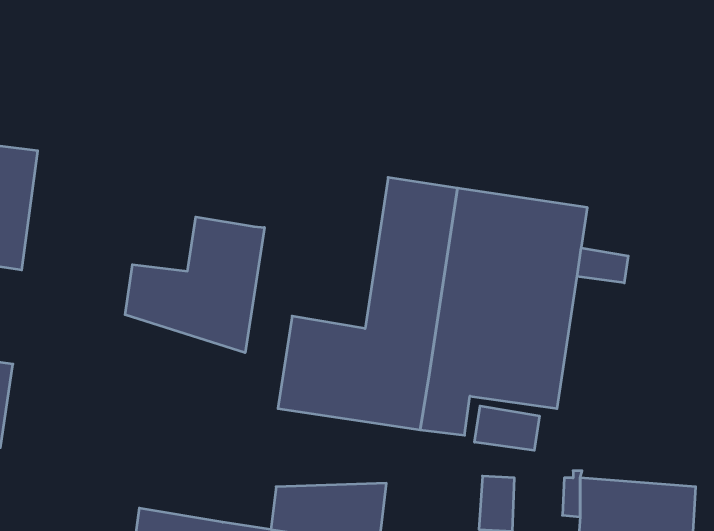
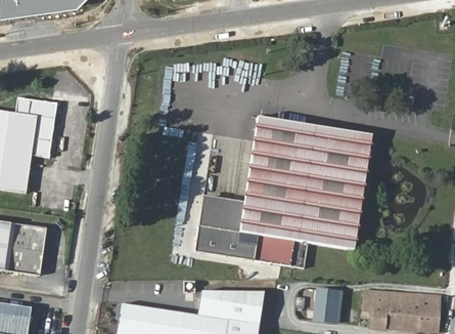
building: [125,217,264,353] -> none
building: [577,248,628,283] -> none
building: [475,406,539,450] -> none

